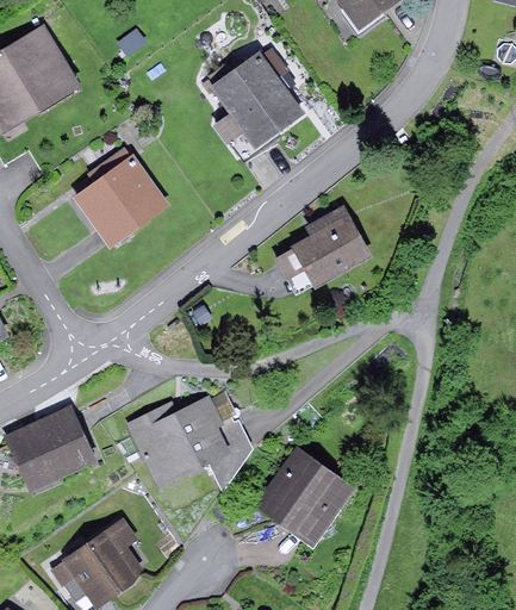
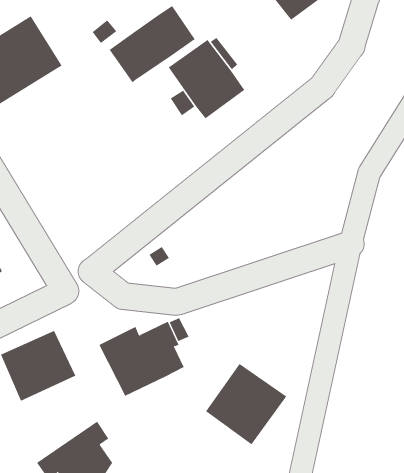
building: none -> [109,5,195,83]
building: [73,145,169,248] -> none
building: [274,205,373,297] -> none

